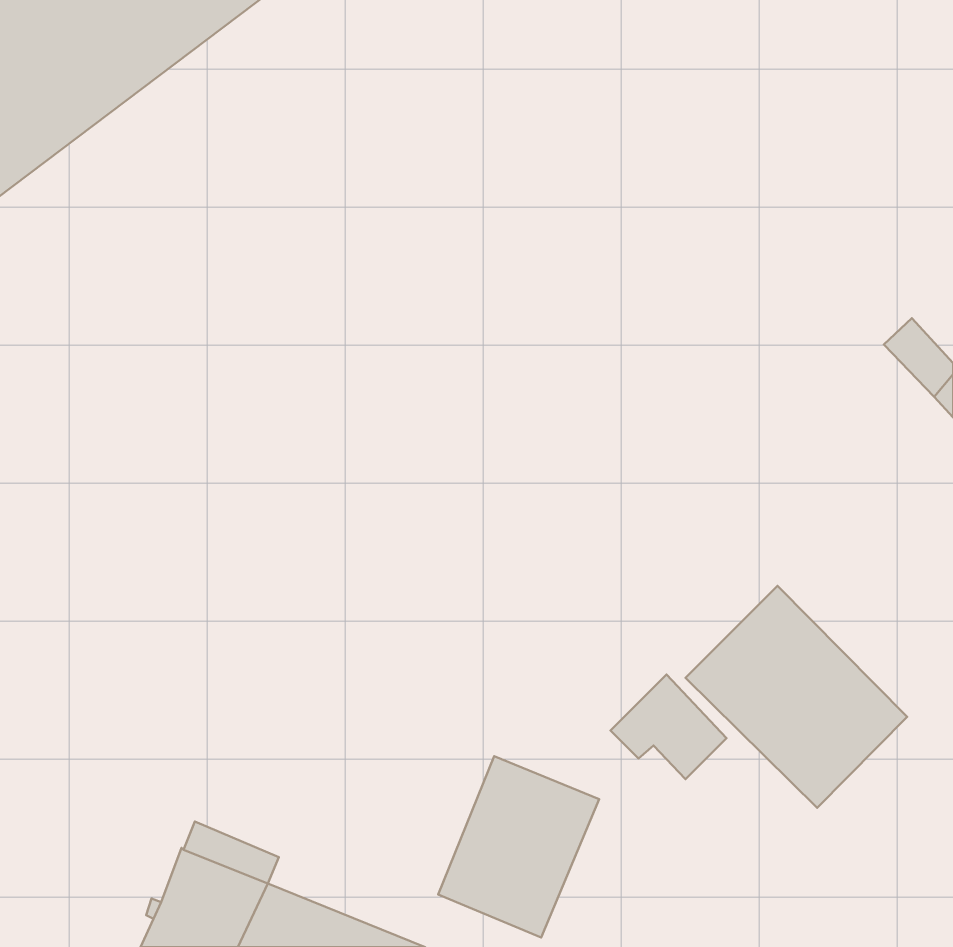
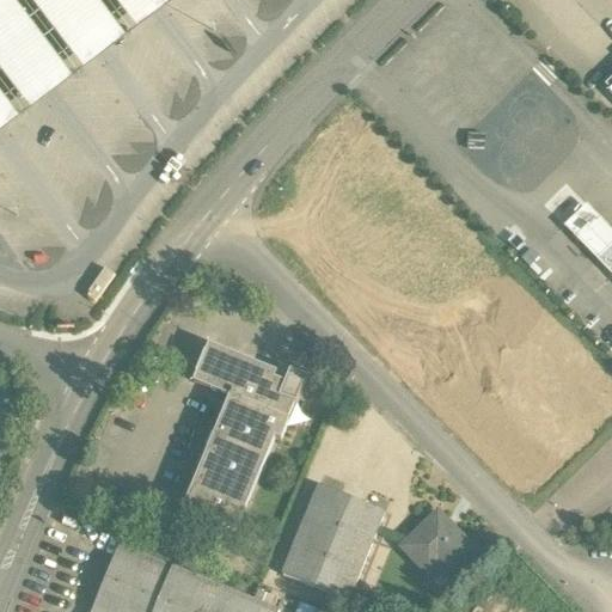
building: none -> [183,339,305,522]
building: [685,586,907,808] -> none
building: [610,674,727,779] -> [399,509,473,576]

